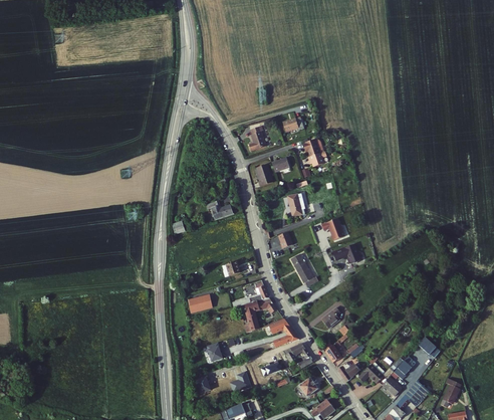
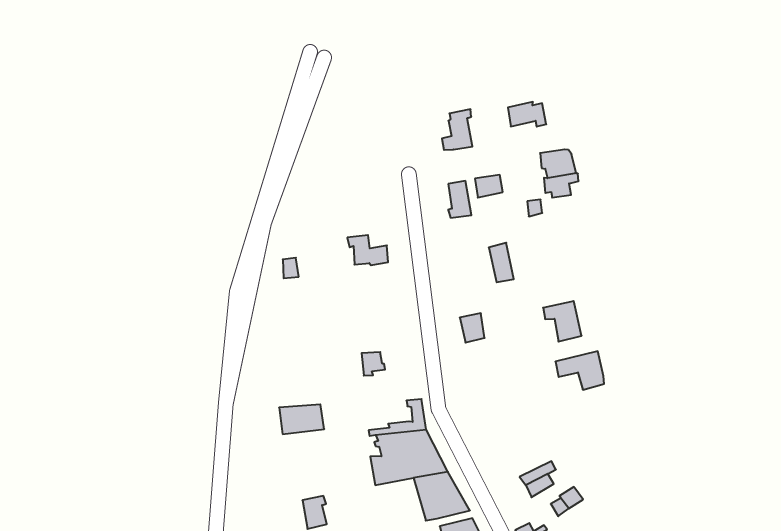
building: [288,253,317,286] -> none

